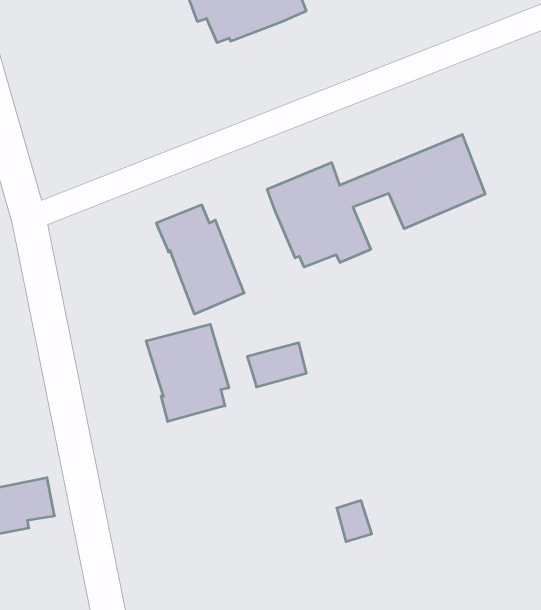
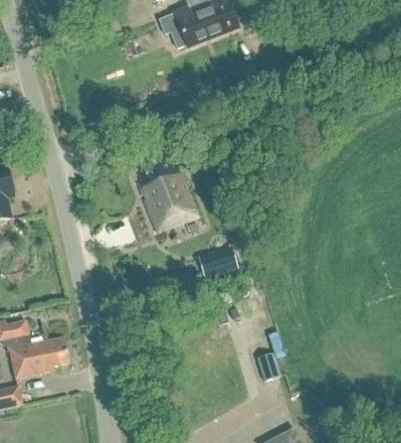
building: [267,134,485,267] -> none
building: [146,324,229,422] -> none

